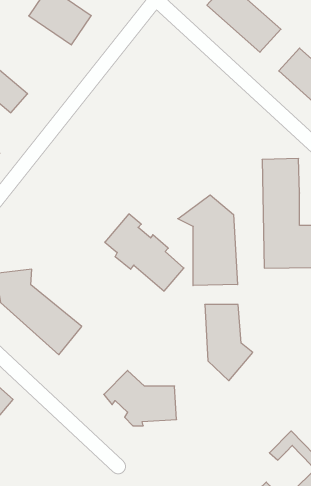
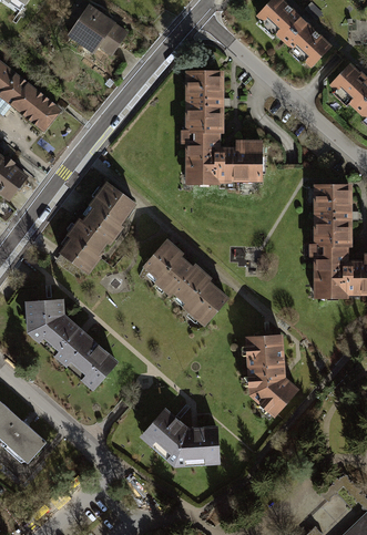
building: none -> [182,71,265,186]
building: none -> [60,181,136,276]
building: [178,195,238,286] -> none

